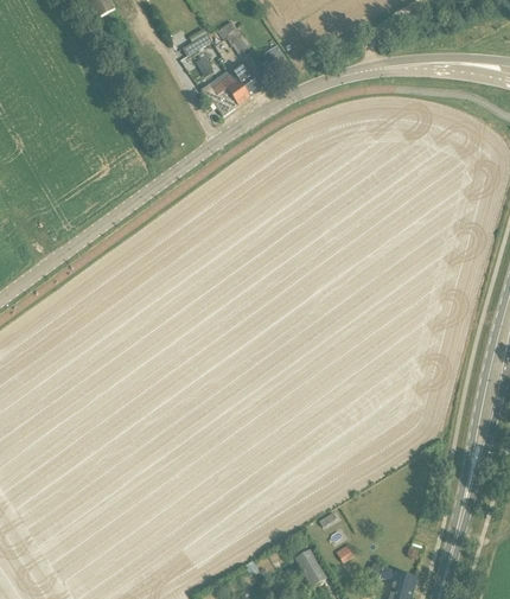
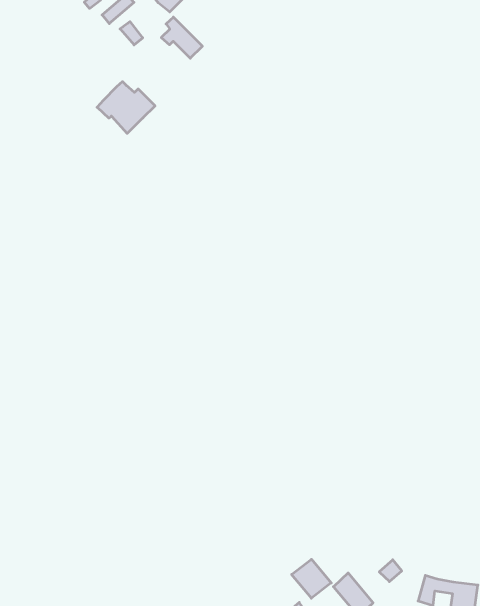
building: [202,71,250,115] -> [97,82,155,133]
building: none -> [292,559,331,598]

